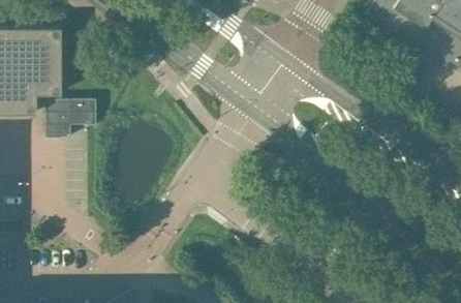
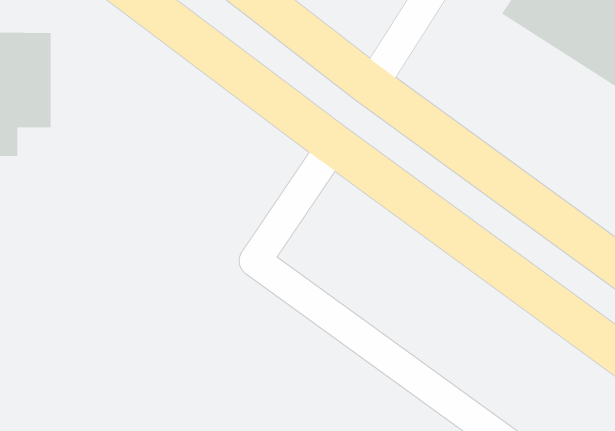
building: [48,99,98,138] -> none

